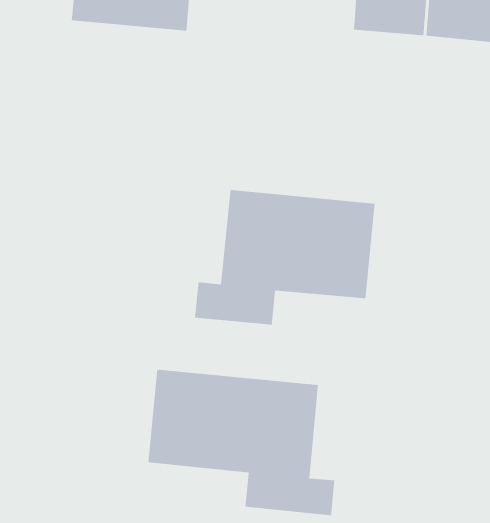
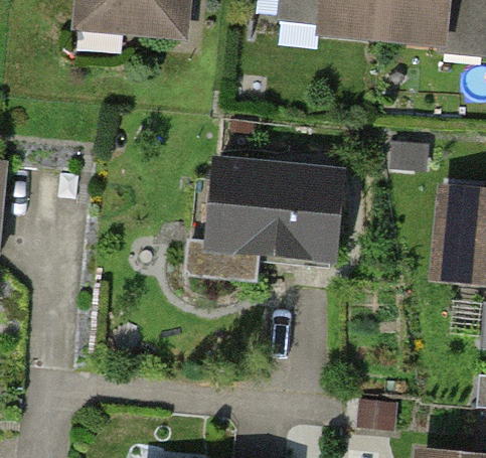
building: [147,369,335,516] -> none

